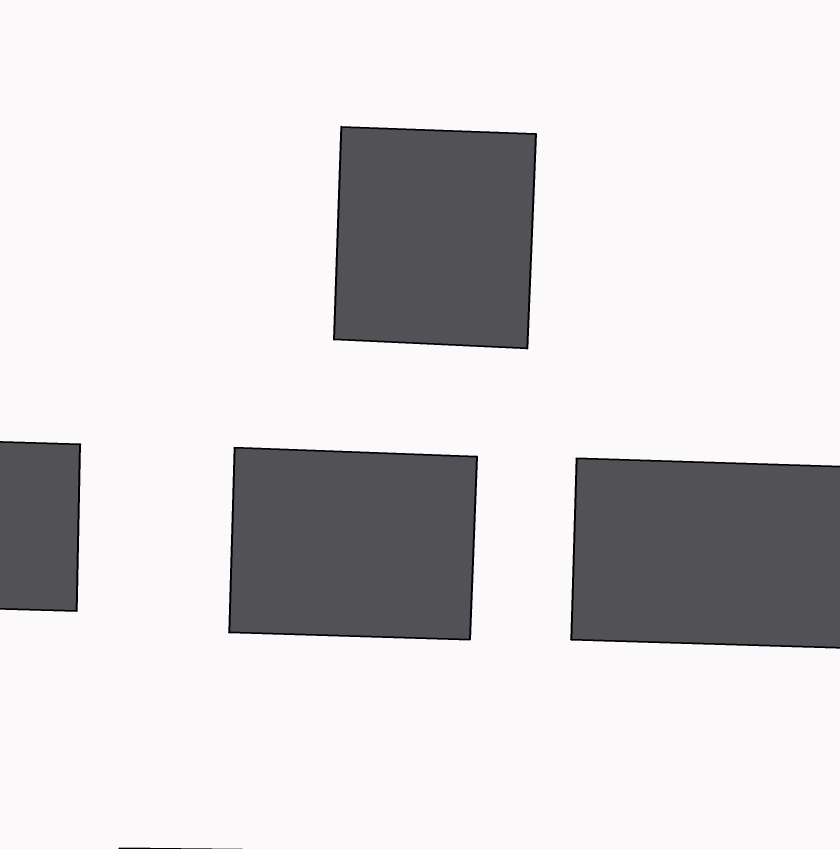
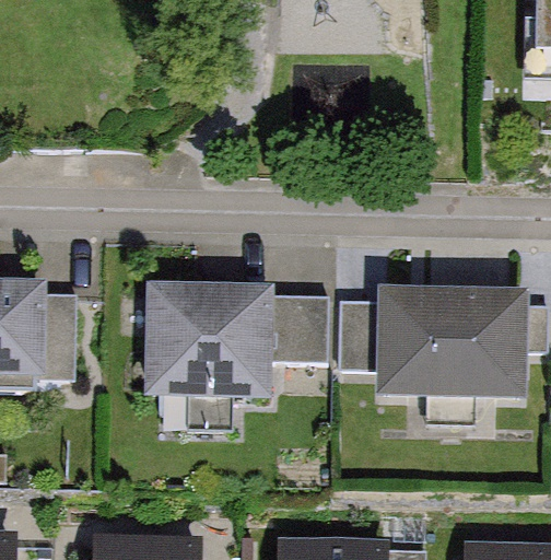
building: [334,127,536,349] -> none

